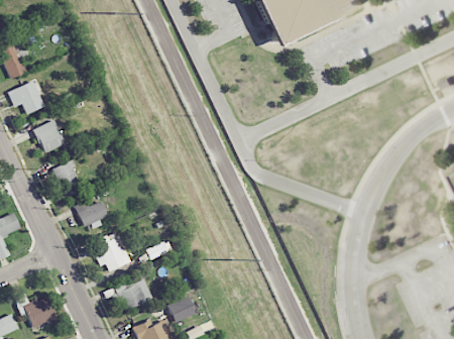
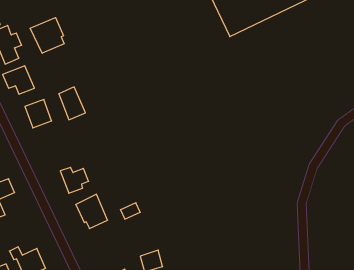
building: none -> [30,18,64,53]
building: [53,160,85,199] -> [59,87,85,120]
building: [117,273,152,310] -> none

